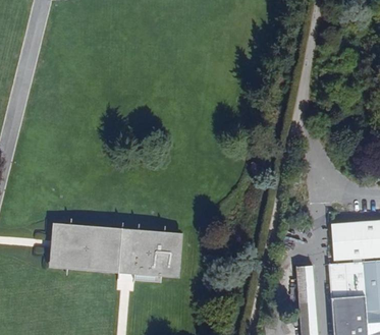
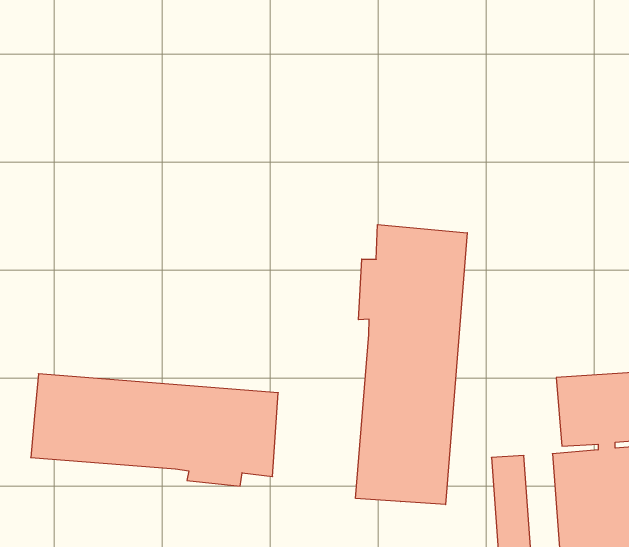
building: none -> [356,225,467,505]

